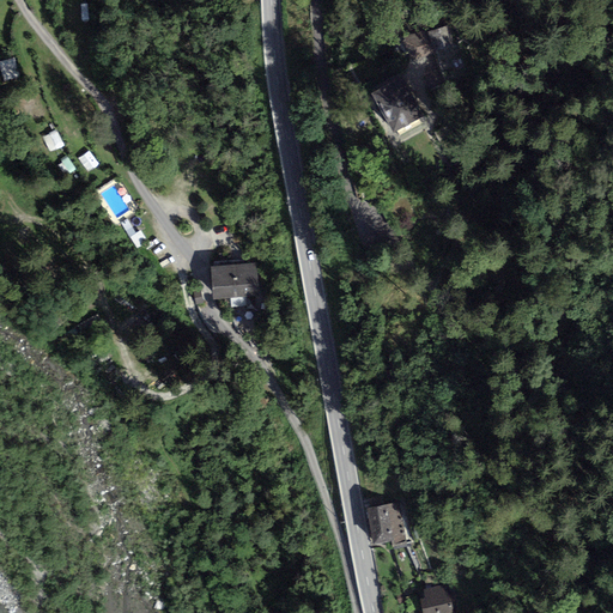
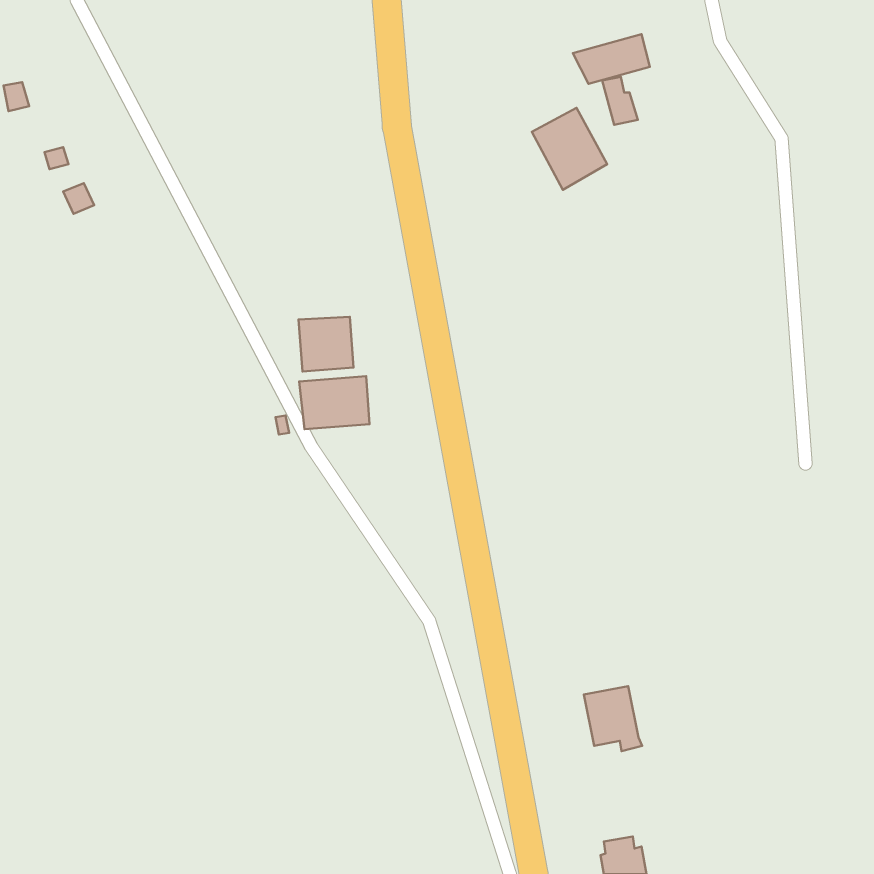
building: none -> [298,317,354,372]
building: [366,503,407,548] -> [584,686,642,751]

